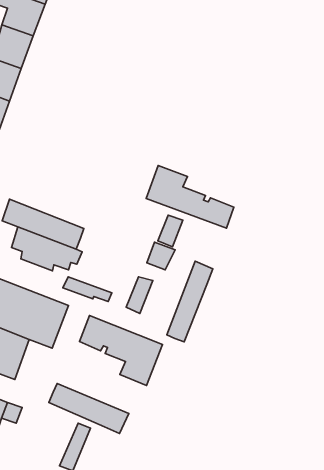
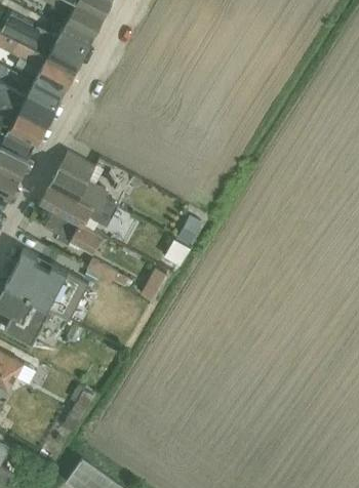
building: none -> [49,152,118,218]
building: [146,165,234,228] -> none
building: [167,261,213,342] -> none
building: [80,316,162,385] -> none
building: [49,383,129,433] -> none

